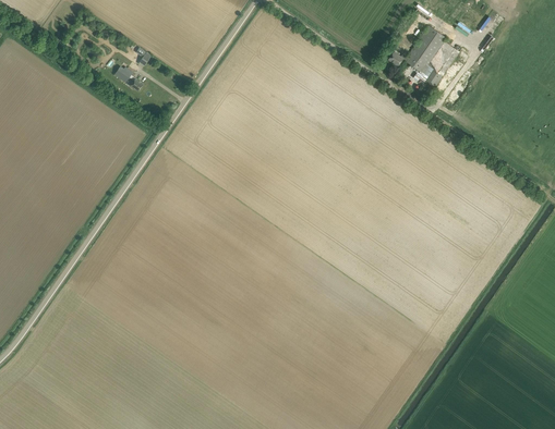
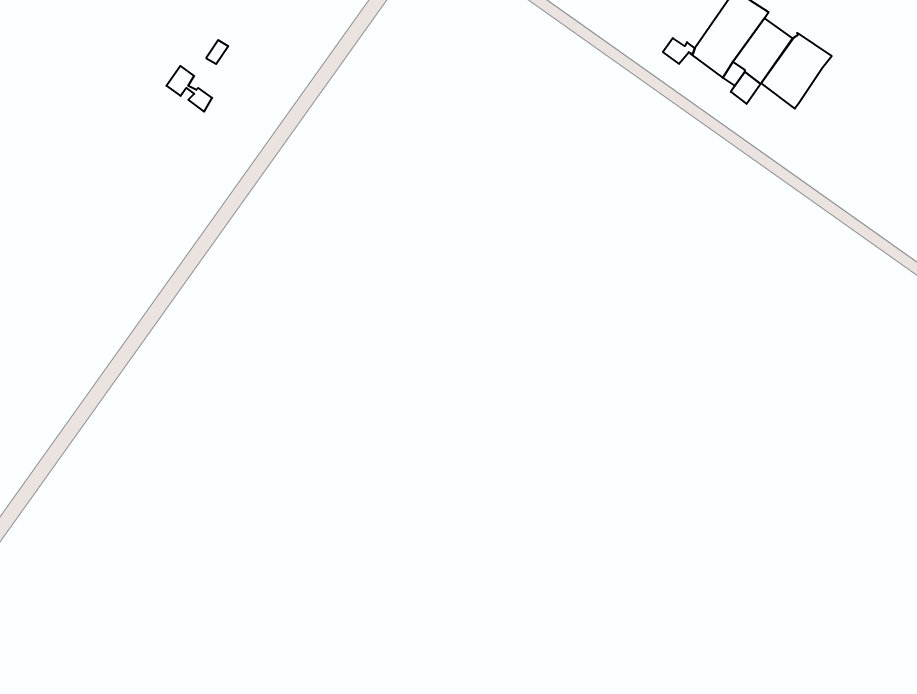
building: none -> [761,33,832,109]

